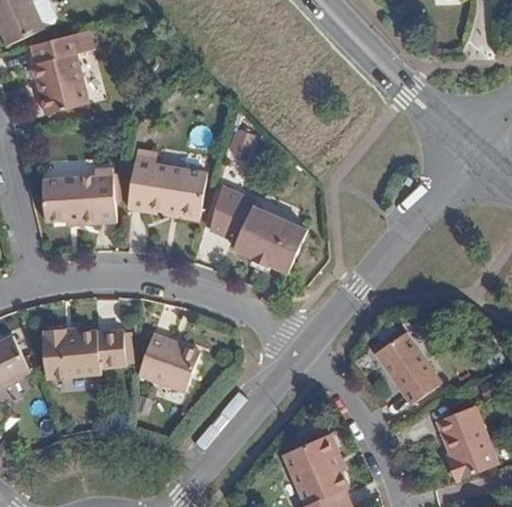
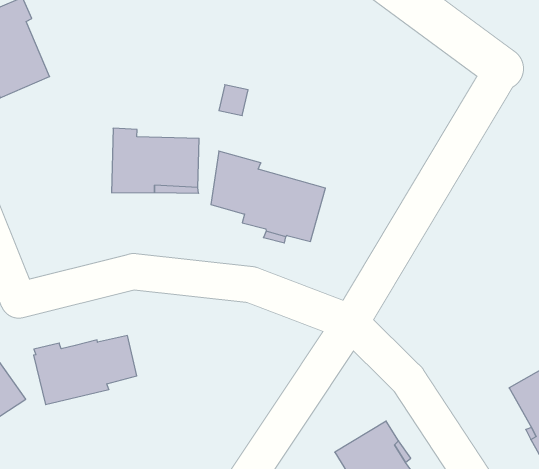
building: [42,168,116,224] -> none
building: [377,333,442,402] -> none
building: [138,334,199,391] -> none

